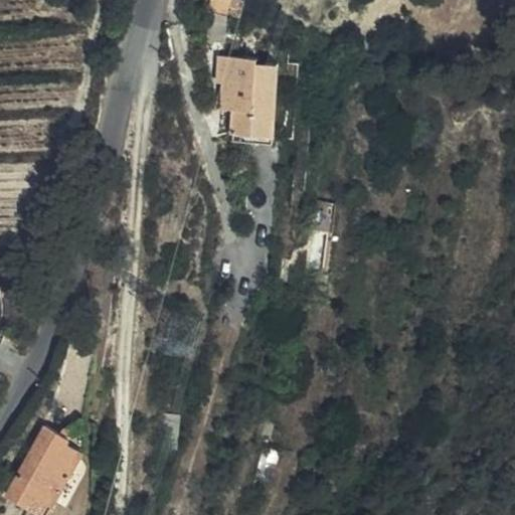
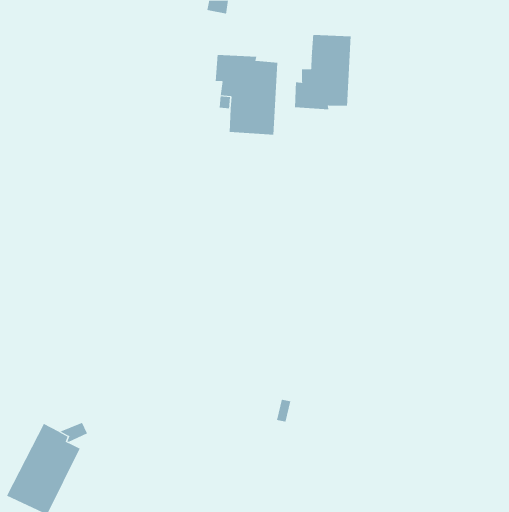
building: none -> [295,34,351,110]

